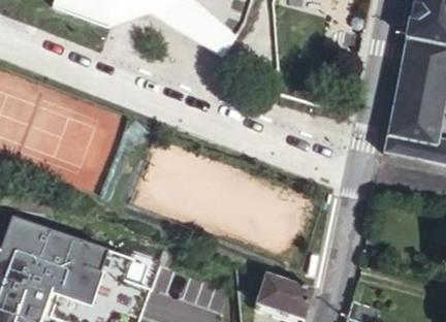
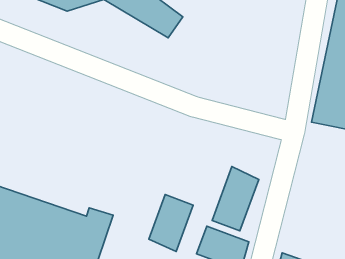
building: none -> [212,167,259,231]
building: none -> [149,195,193,252]

